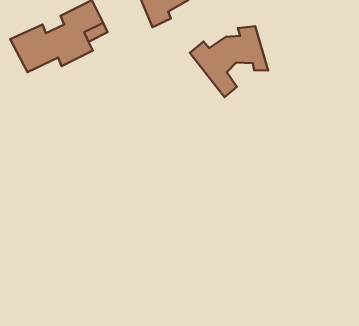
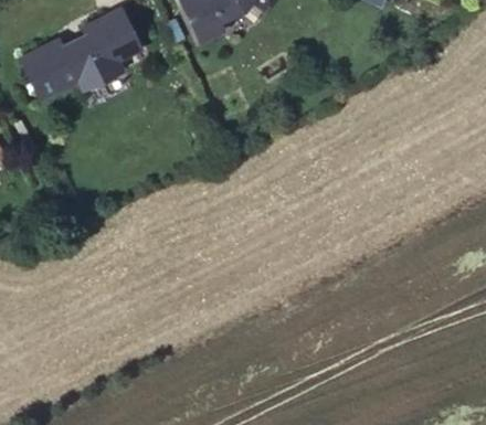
building: [190,26,268,97] -> none

